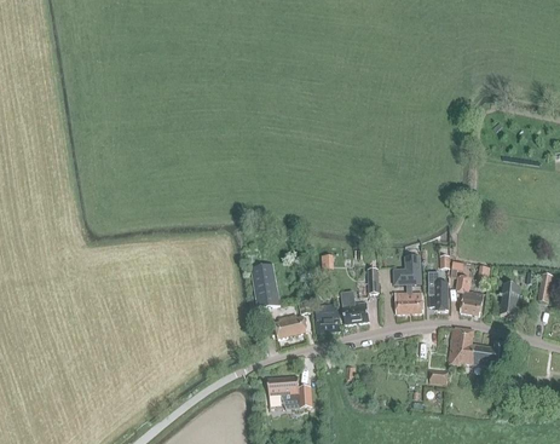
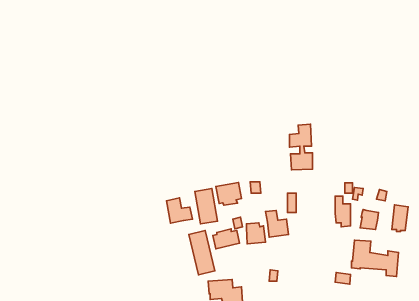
building: none -> [216,182,241,205]
building: [393,255,422,313] -> [289,124,312,170]
building: none -> [167,198,193,223]
building: none -> [189,230,215,275]

